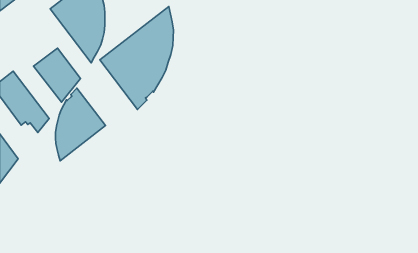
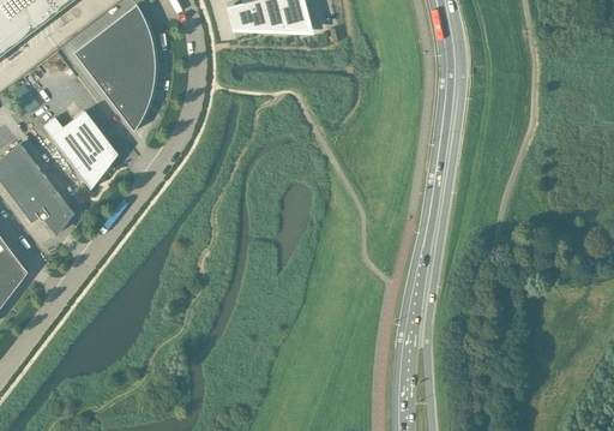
building: [100,6,174,110] -> none
building: [56,88,105,161] -> none

